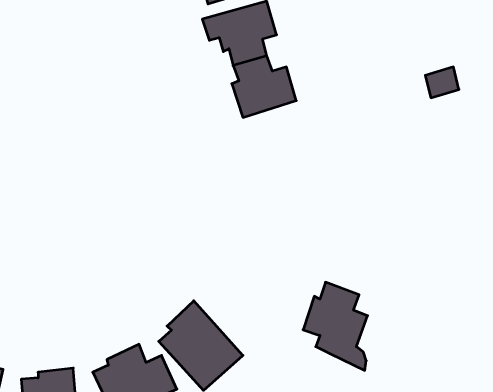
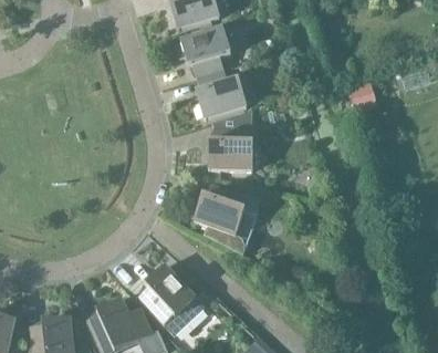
building: none -> [208,110,253,169]
building: [303,282,368,370] -> [195,183,246,252]

